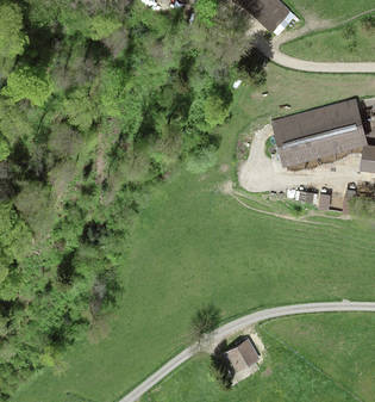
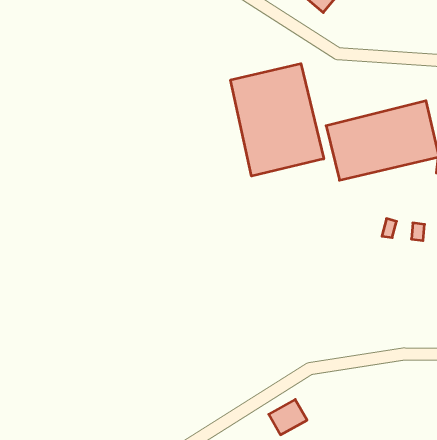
building: none -> [231,64,324,176]

